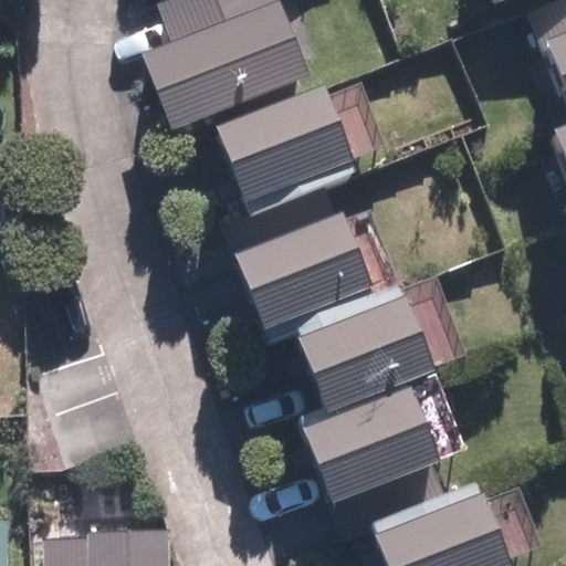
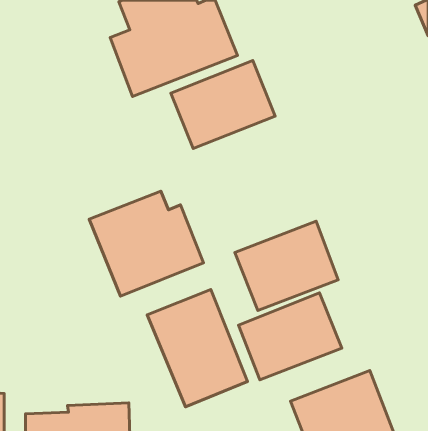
building: [228,191,376,327] -> [89,191,203,296]
building: none -> [147,289,248,407]

